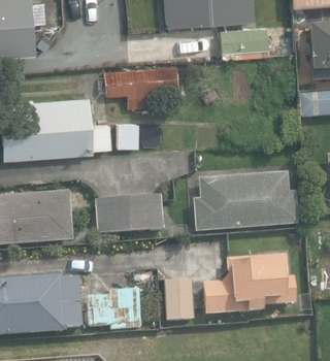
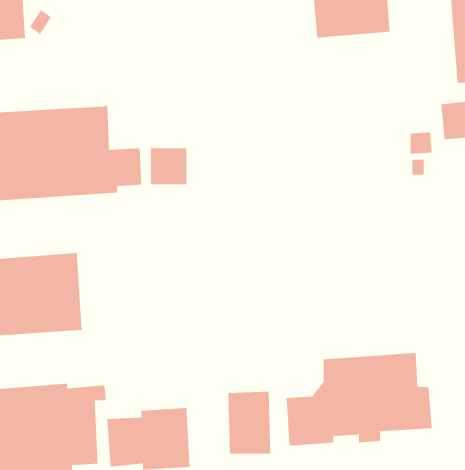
building: [103,64,178,108] -> none
building: [193,171,298,231] -> none
building: [95,194,163,233] -> none

